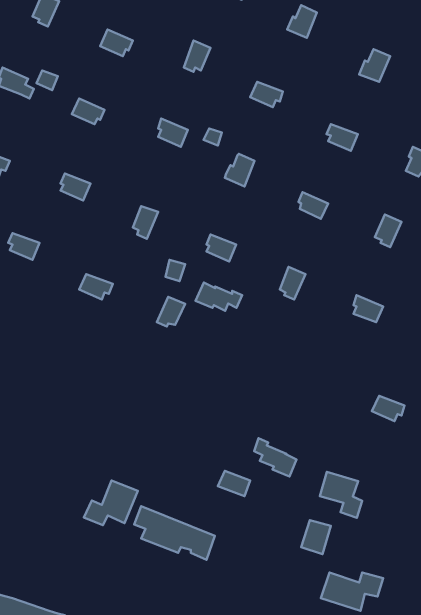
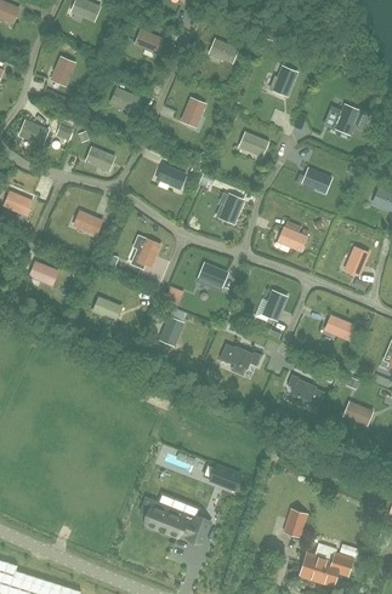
building: [195,282,242,311] -> [220,343,260,367]
building: [254,438,297,477] -> [286,373,323,406]
building: [320,472,362,518] -> none
building: [84,480,138,525] -> none

